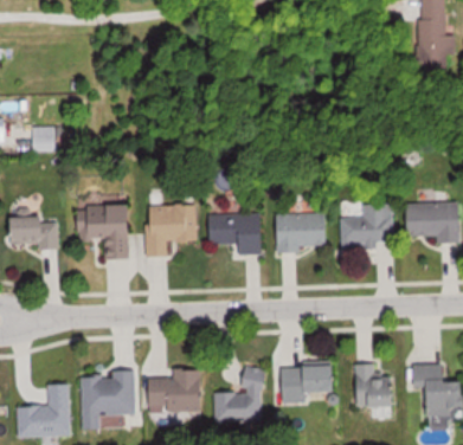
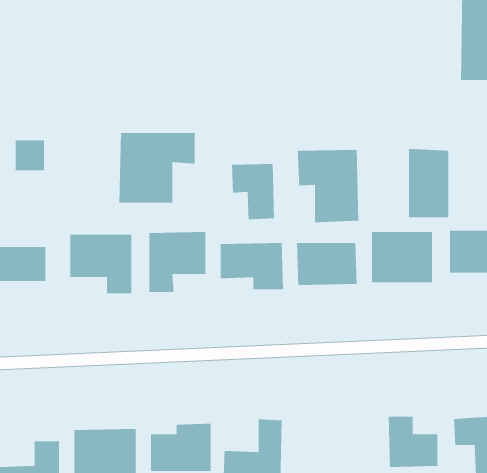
building: none -> [118,132,196,203]
building: none -> [408,148,449,218]
building: none -> [297,149,359,223]
building: none -> [231,163,275,220]
building: [274,366,336,405] -> none

